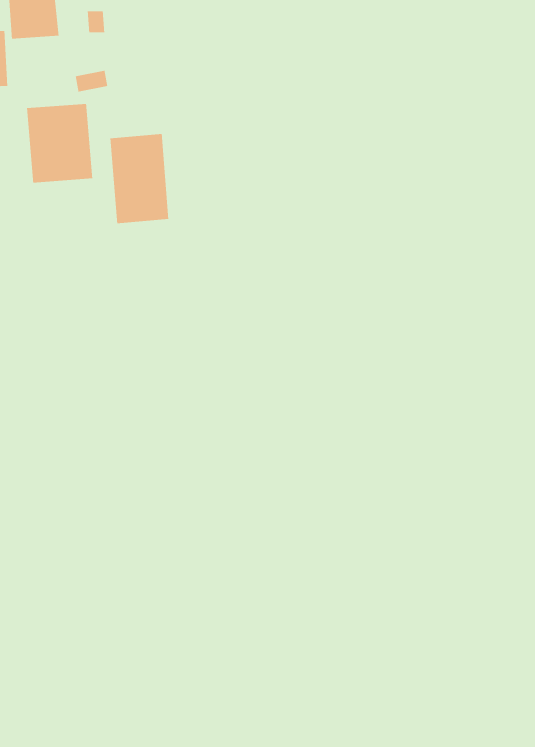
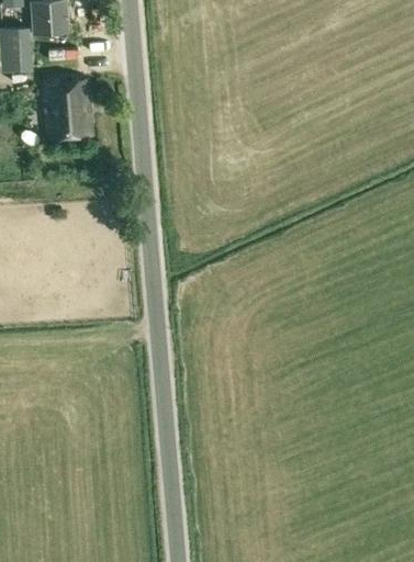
building: [109,133,169,224] -> none

